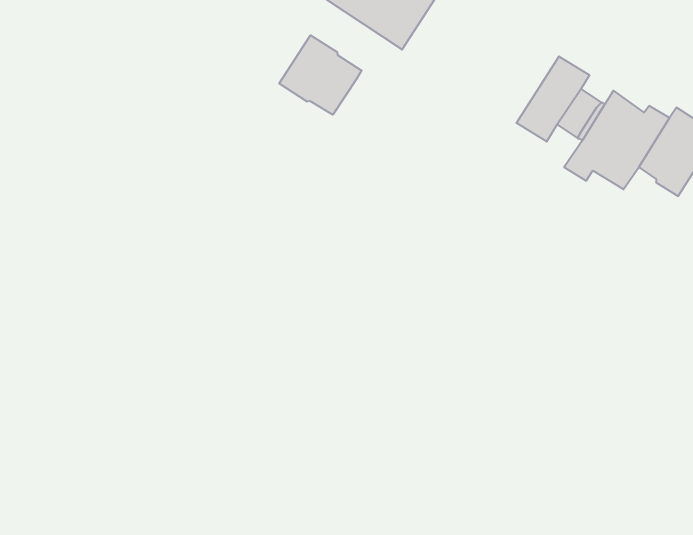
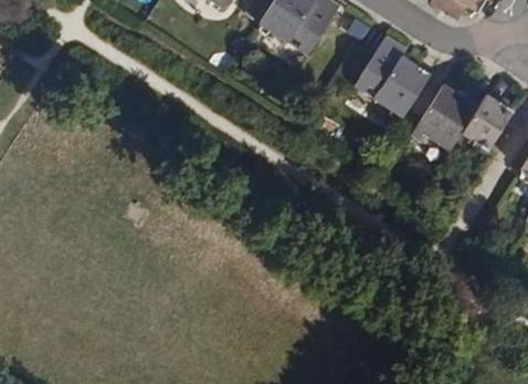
building: none -> [353,35,410,103]
building: [279,35,362,115] -> none

